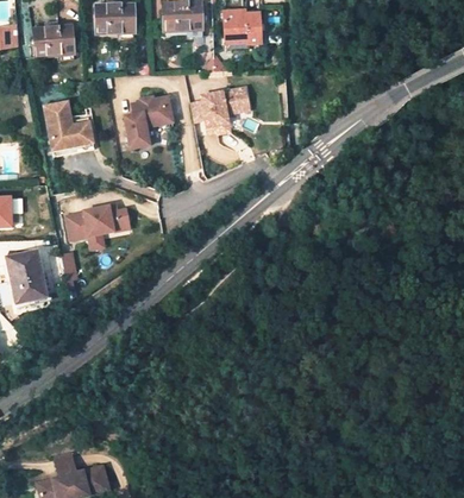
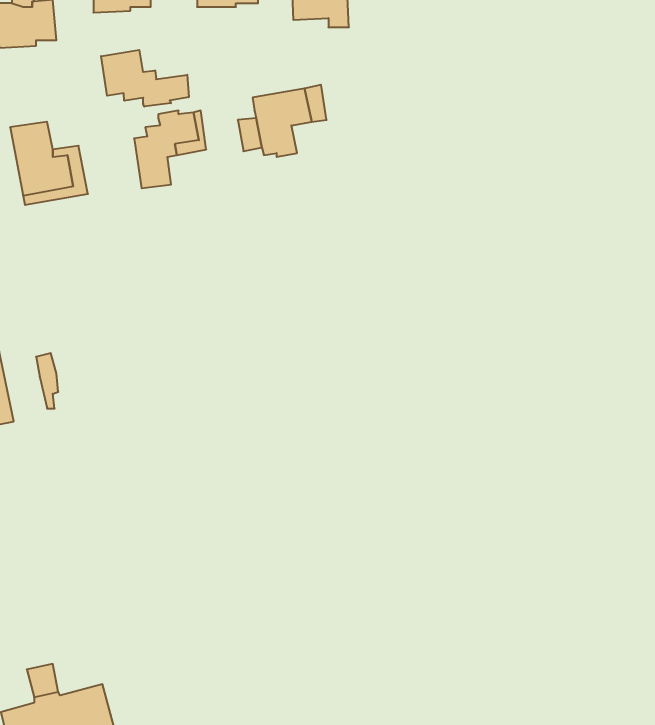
building: none -> [101,50,189,107]
building: [65,204,128,248] -> none

